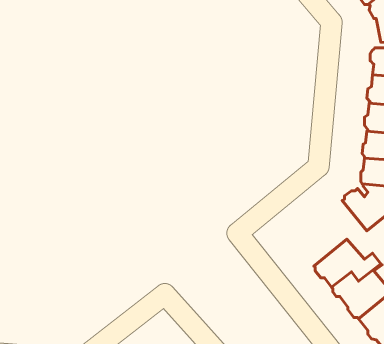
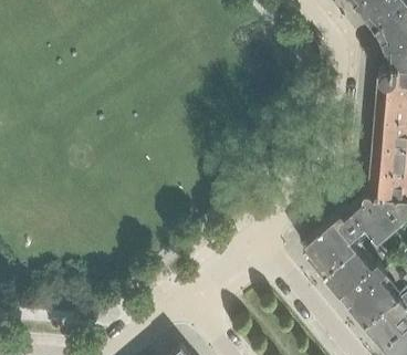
building: none -> [301,213,359,276]

